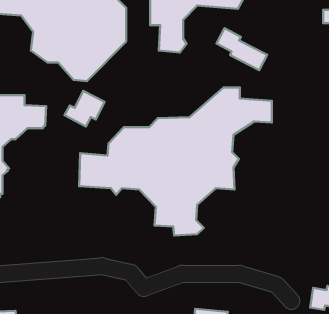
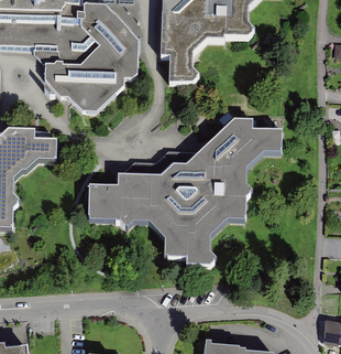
building: [216,28,267,70] -> none
building: [65,91,105,126] -> none

